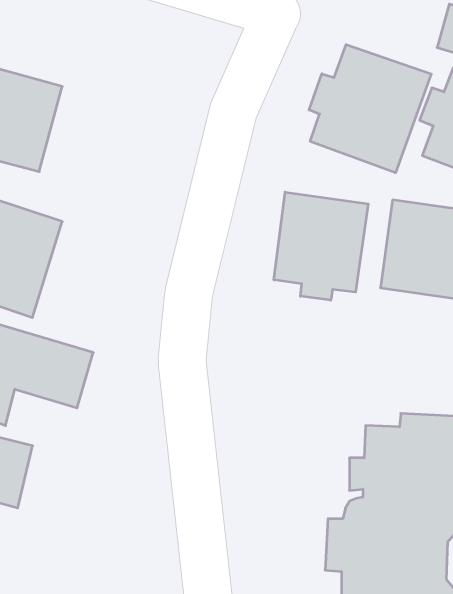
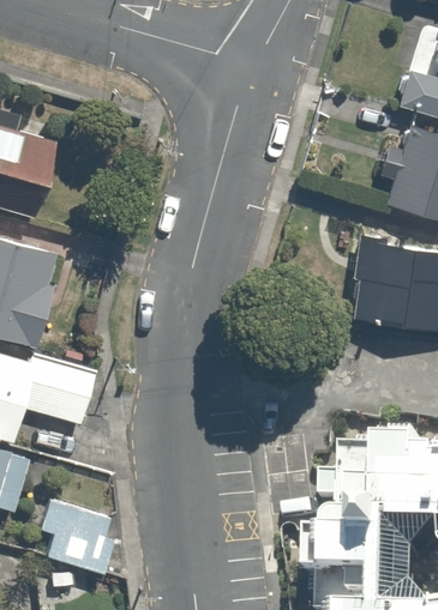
building: [309,45,431,173] -> none
building: [274,192,368,300] -> none
building: none -> [40,501,112,574]

